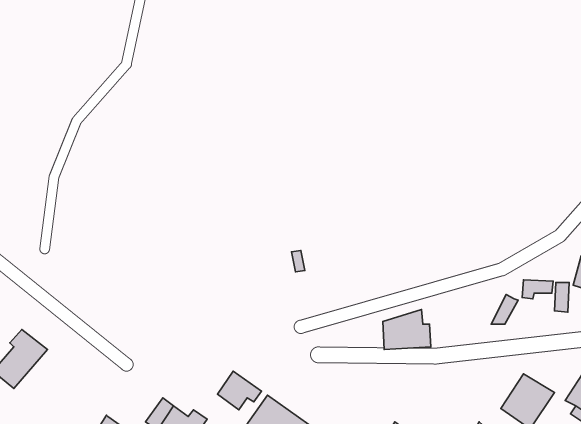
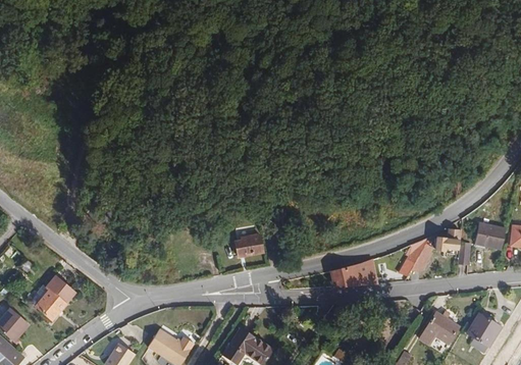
building: none -> [399,236,430,278]
building: none -> [235,237,263,260]
building: [217,371,261,410] -> none

